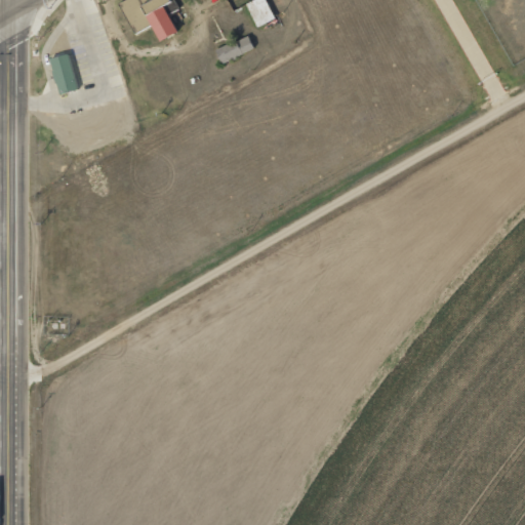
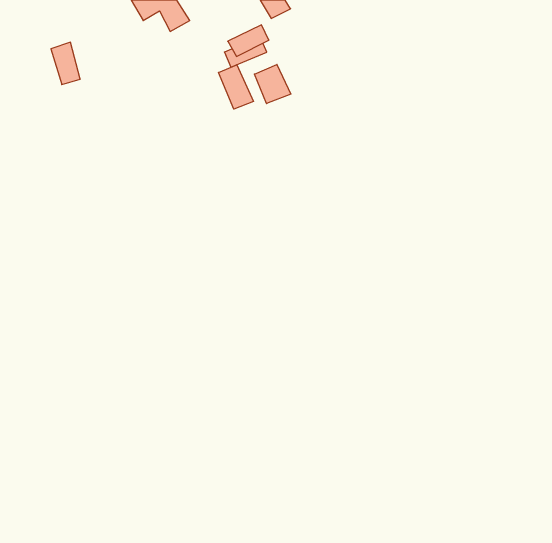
building: none -> [254,64,291,104]
building: none -> [219,65,253,109]

